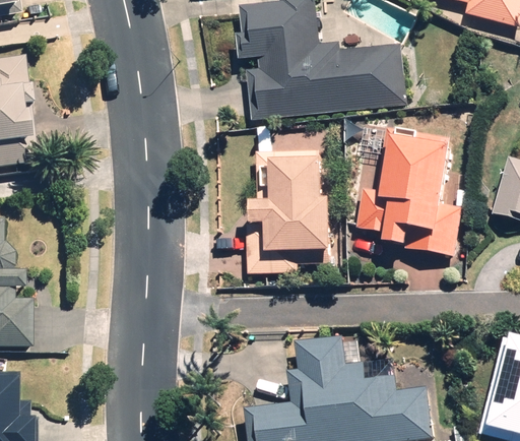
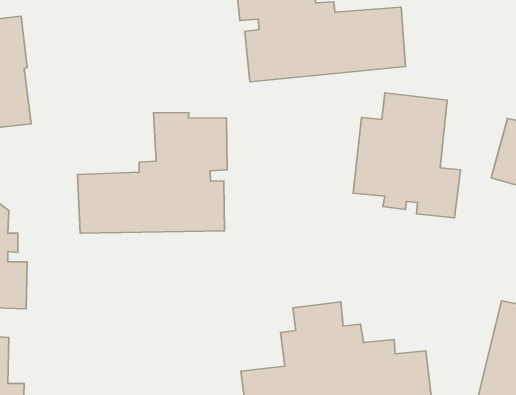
building: none -> [78,113,227,233]
building: [248,150,331,269] -> none

